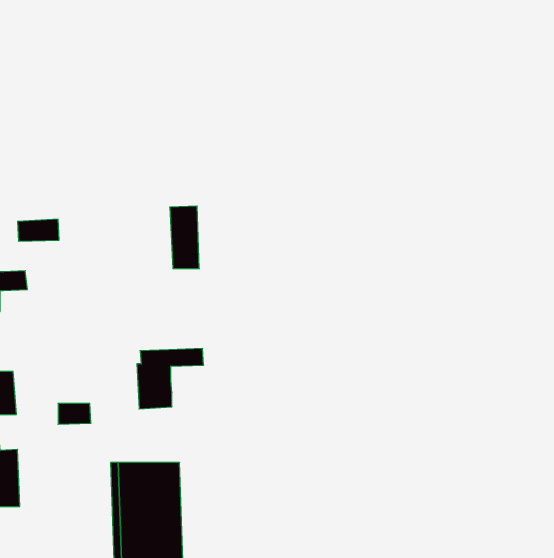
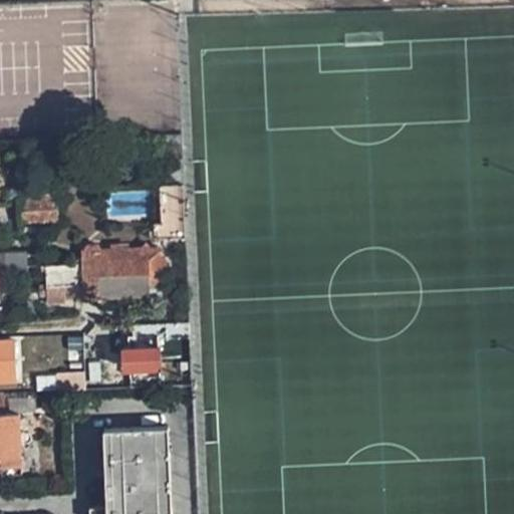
building: none -> [40,250,156,299]

